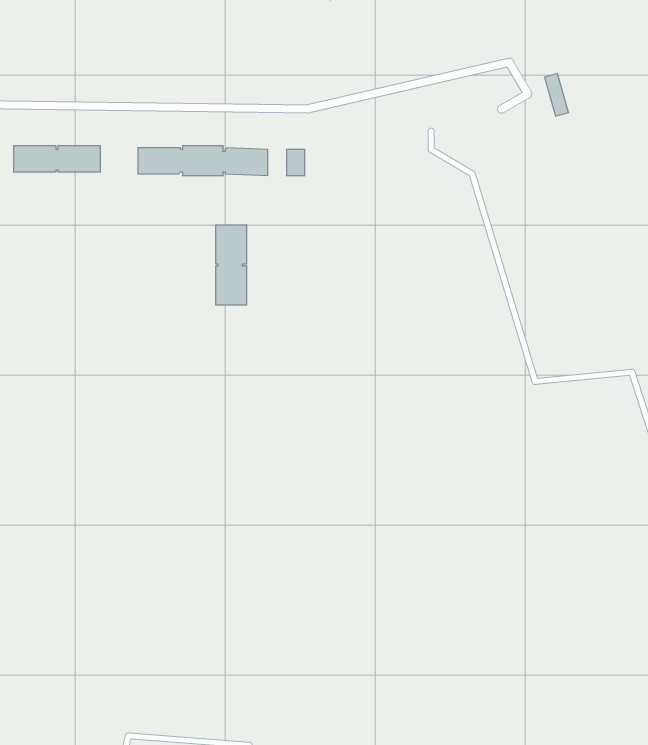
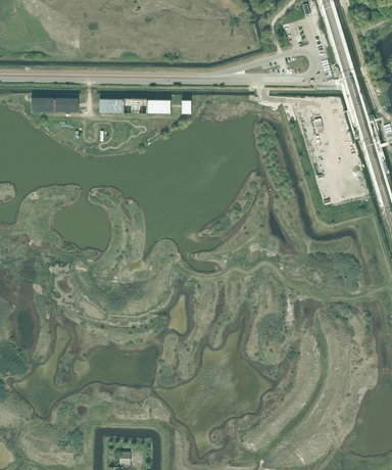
building: [216,225,247,305] -> none

